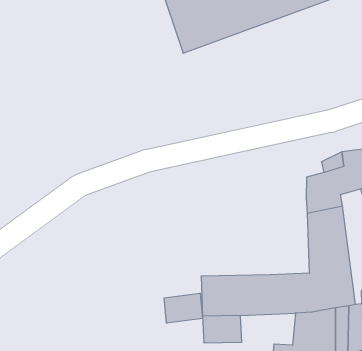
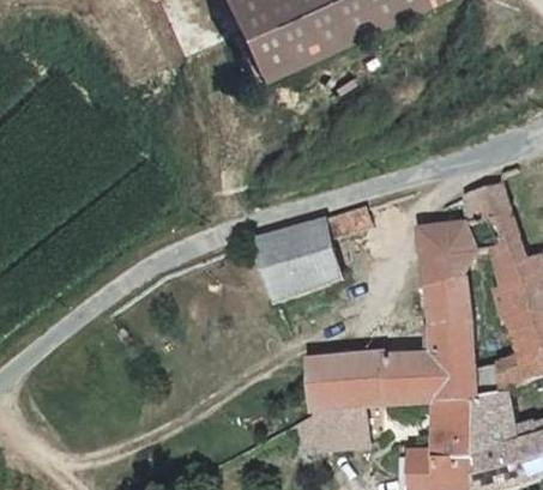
building: none -> [260,204,372,298]
building: [164,293,203,323] -> none

